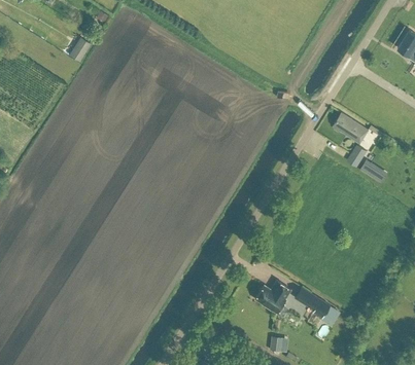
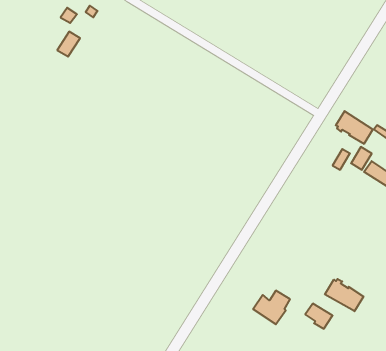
building: none -> [325,279,363,311]

